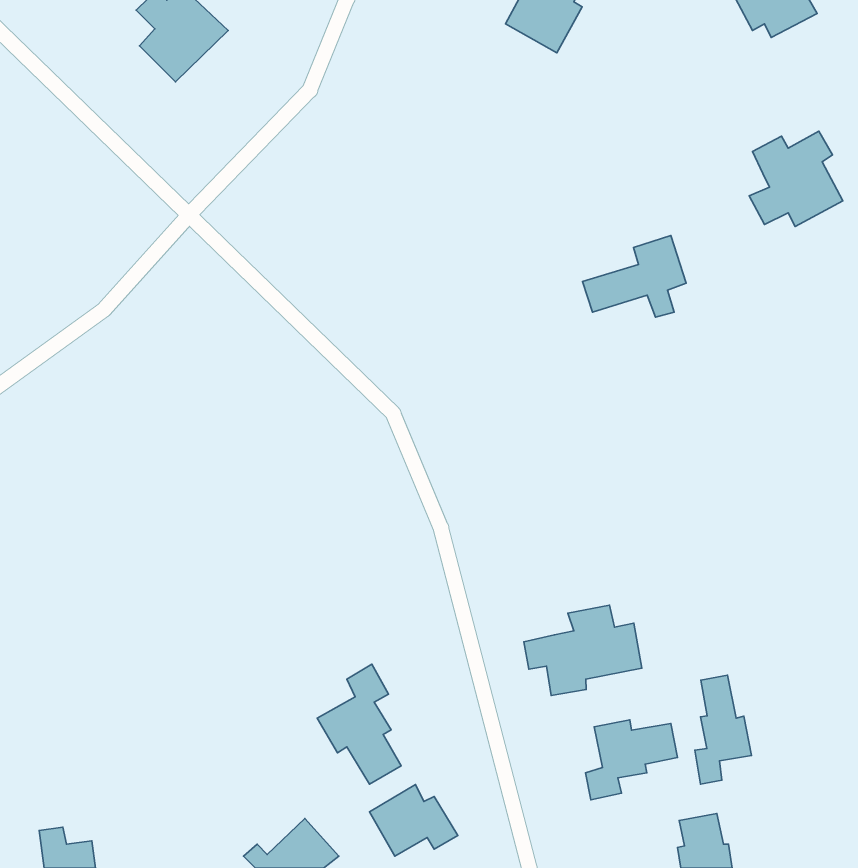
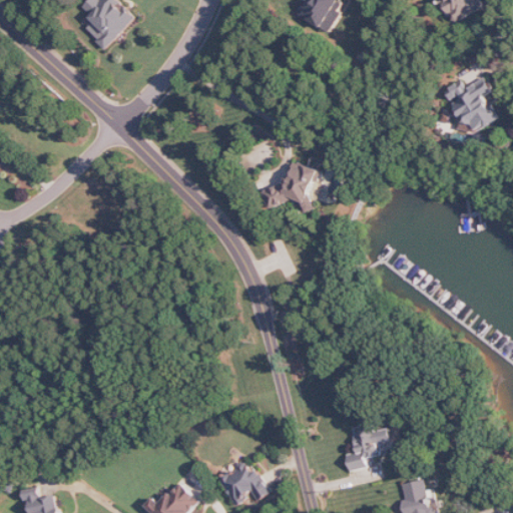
building: [582,236,686,317] -> [261,163,322,211]
building: [524,605,642,695] -> none
building: [317,664,401,784] -> none
building: [695,675,751,784] -> none

